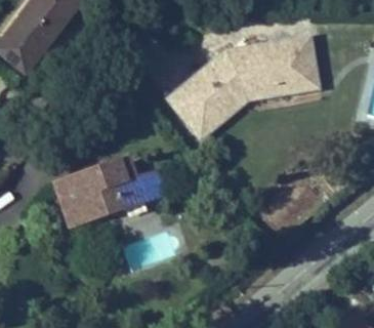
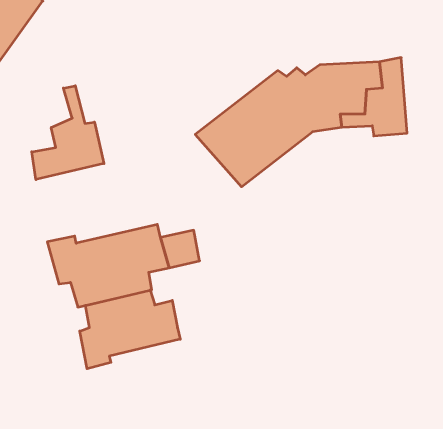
building: none -> [32,86,104,180]
building: none -> [80,290,180,369]

